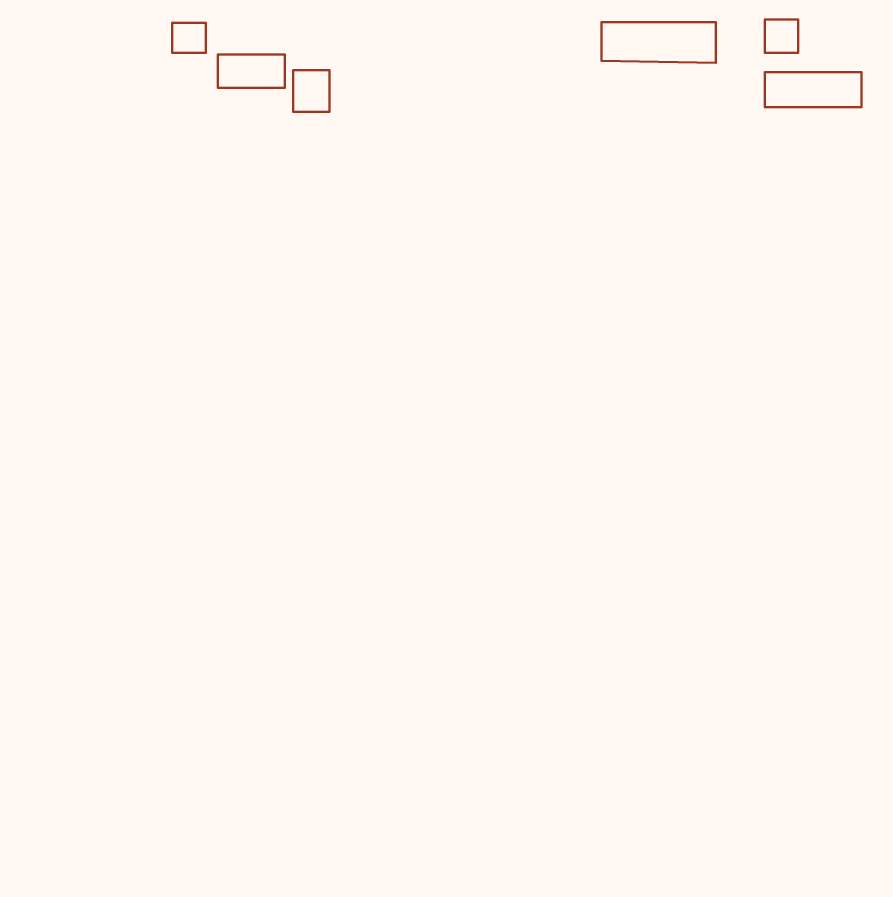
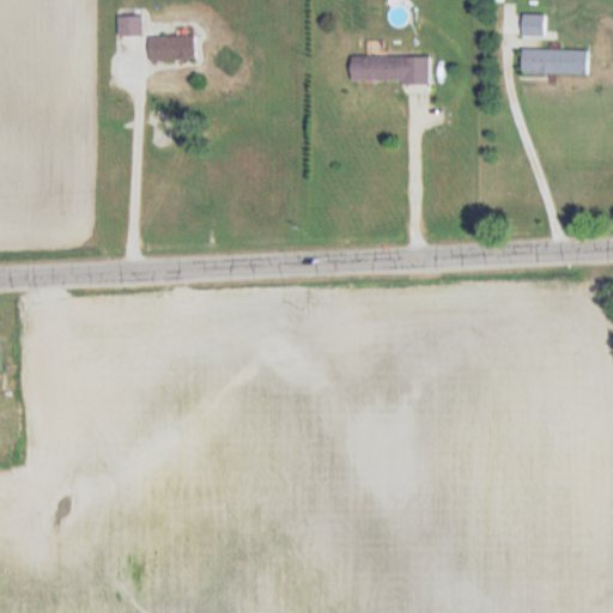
building: [601,22,716,63] -> [350,55,427,83]
building: [293,70,330,112] -> none

